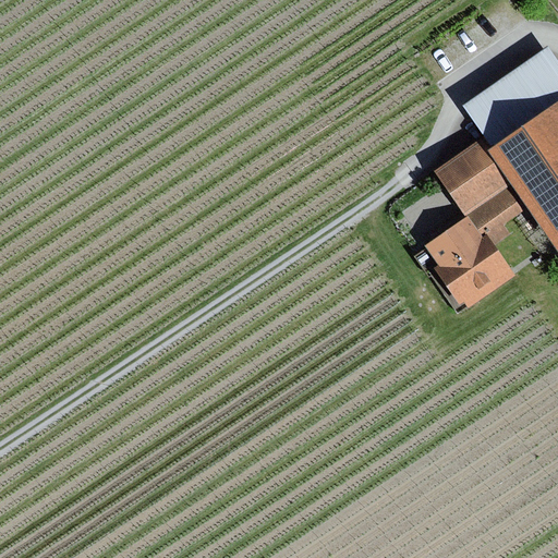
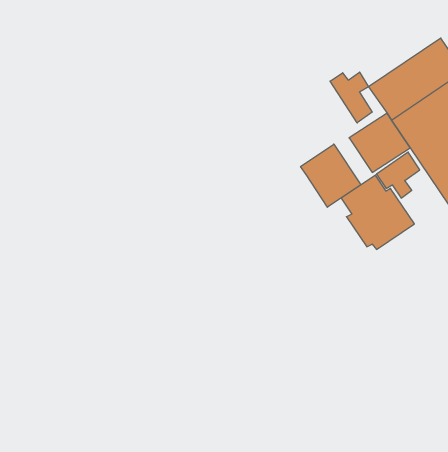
building: none -> [330,72,372,123]
building: none -> [301,144,361,207]

